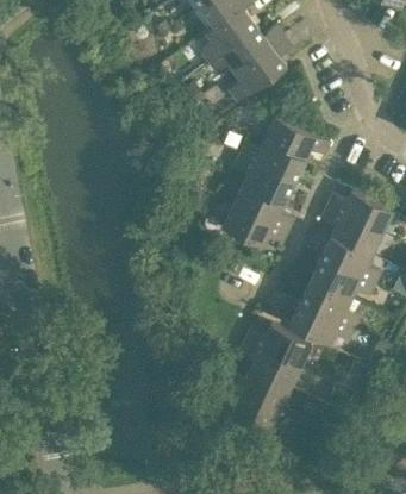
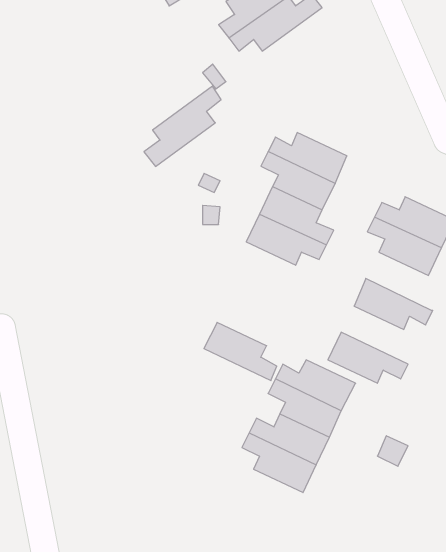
building: [229,36,292,101] -> [144,86,221,166]
building: [264,115,330,157] -> none
building: [320,236,381,283] -> none
building: [300,280,360,327] -> [204,322,277,381]

